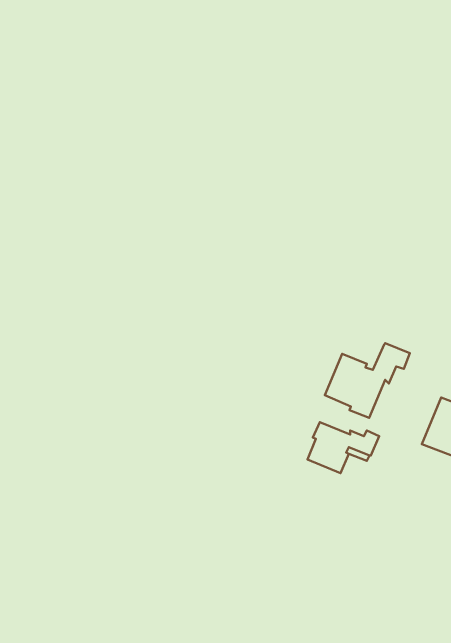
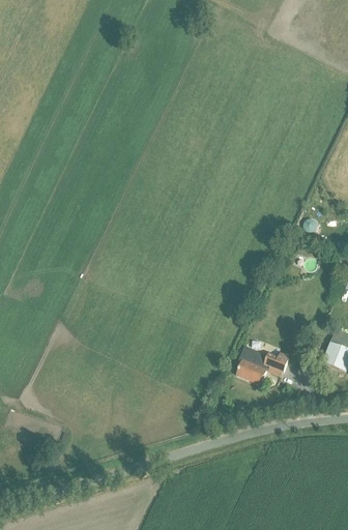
building: [325,343,410,418] -> none

